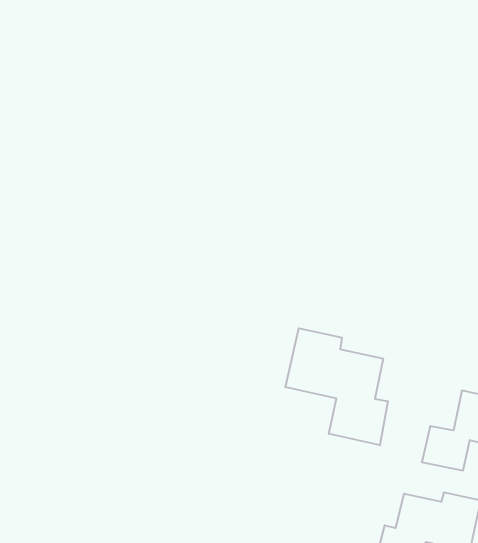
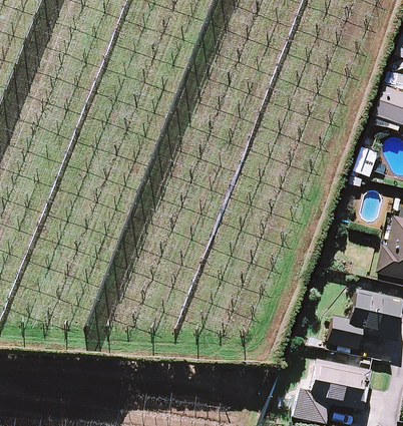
building: [285,328,388,445] -> none

